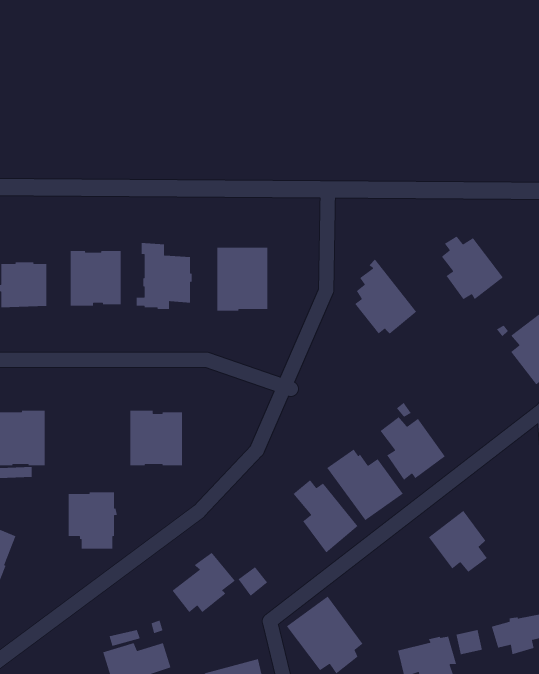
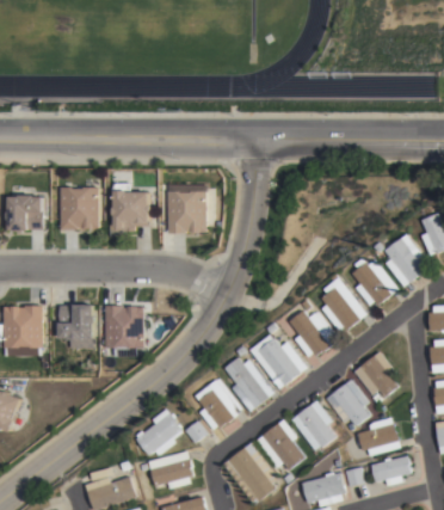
building: [441,236,504,300] -> [352,257,399,305]
building: [354,259,417,334] -> [321,274,368,330]
building: none -> [345,351,397,397]
building: [68,492,118,550] -> [58,303,95,346]
building: none -> [195,379,239,429]
building: none -> [290,400,335,450]
building: none -> [354,416,400,456]
building: none -> [254,418,304,469]
building: none -> [147,451,191,489]

